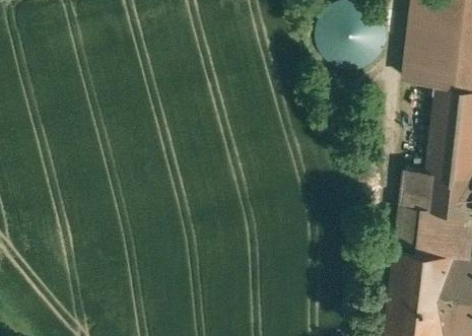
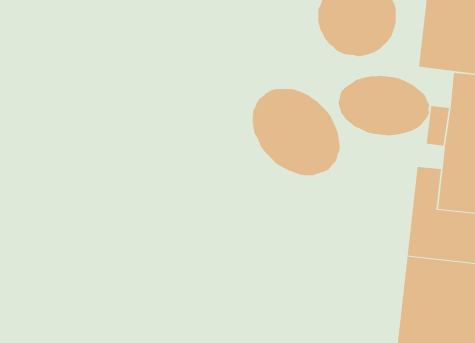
building: none -> [338,75,430,136]
building: none -> [252,88,340,176]

